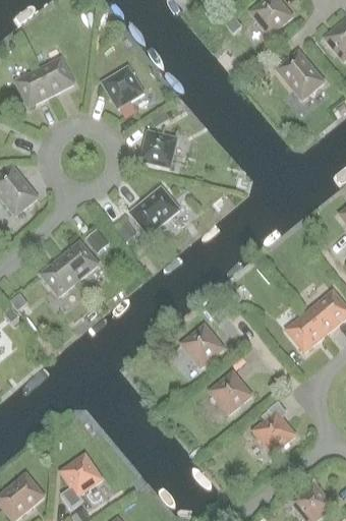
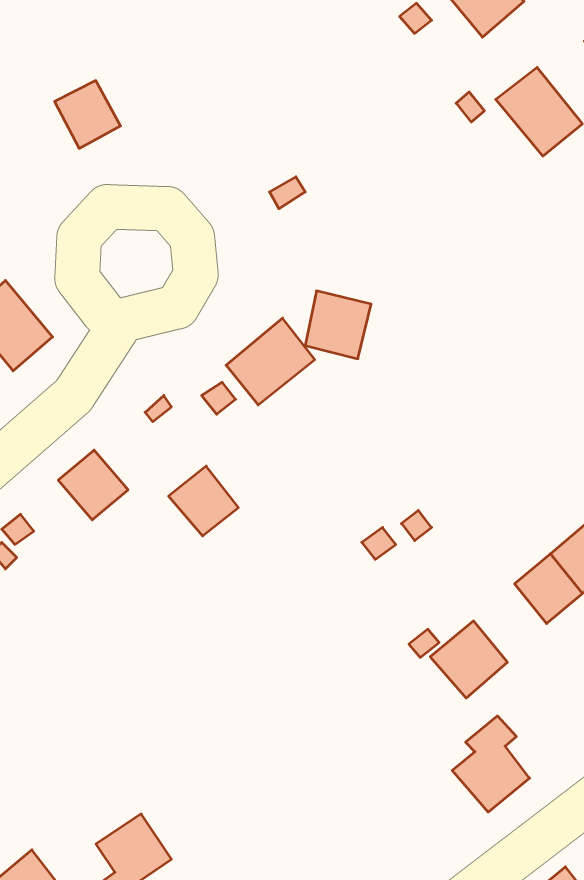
building: [103,66,143,117] -> none
building: [16,69,52,106] -> none
building: [141,130,177,167] -> [305,291,371,359]
building: [60,241,98,279] -> [169,466,238,536]
building: [181,325,223,366] -> none
building: [210,371,251,413] -> [430,621,507,698]

